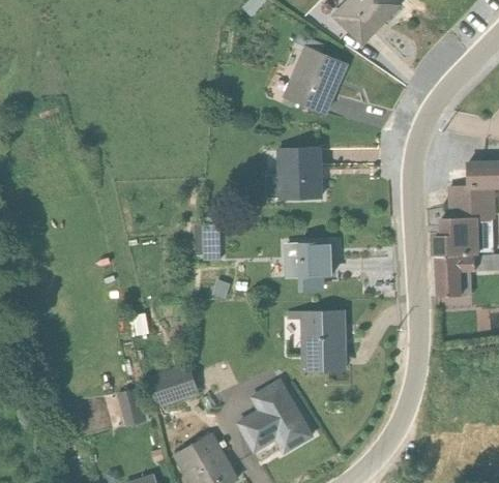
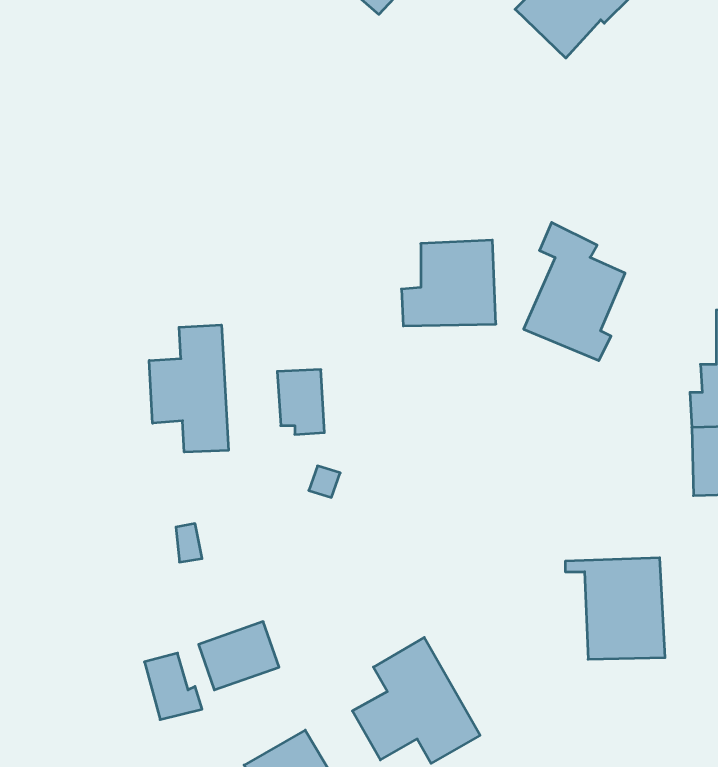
building: [283,30,343,112] -> [524,222,625,361]
building: none -> [149,325,228,452]
building: [285,245,333,293] -> none
building: [288,314,347,374] -> [565,558,665,659]

